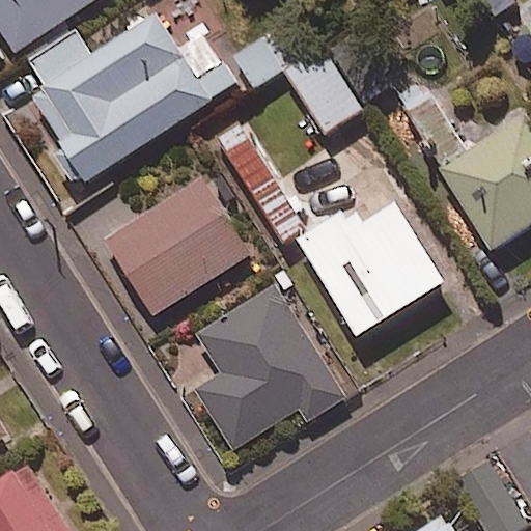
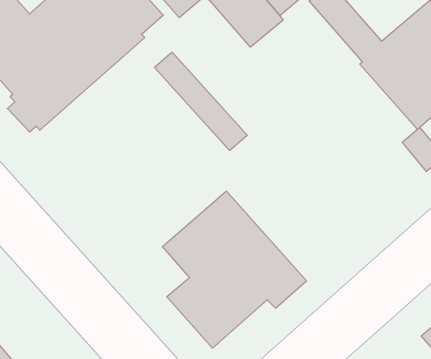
building: [102,176,250,316] -> none
building: [295,204,445,339] -> none

